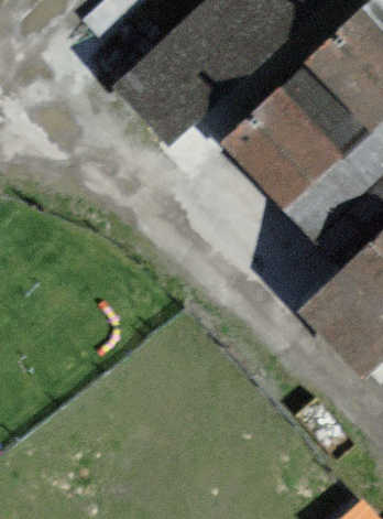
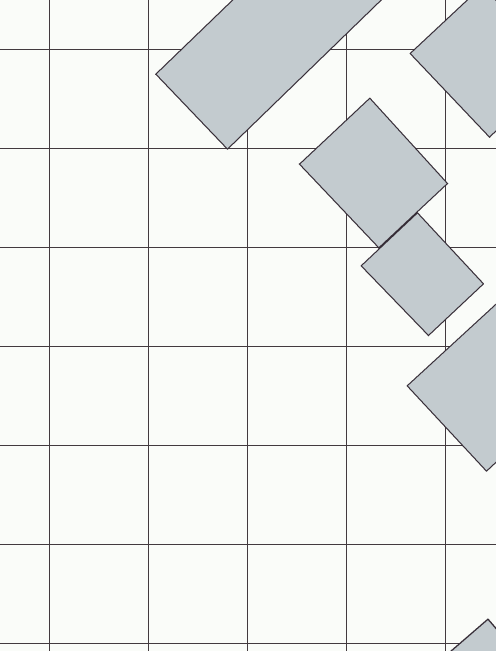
building: none -> [361,213,483,336]

